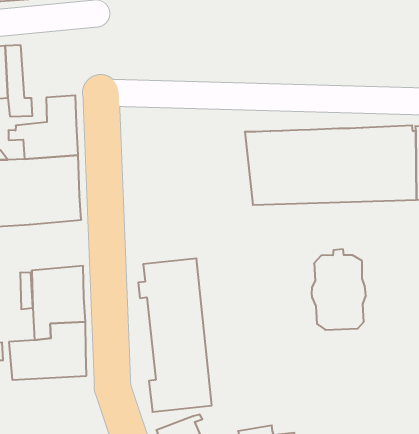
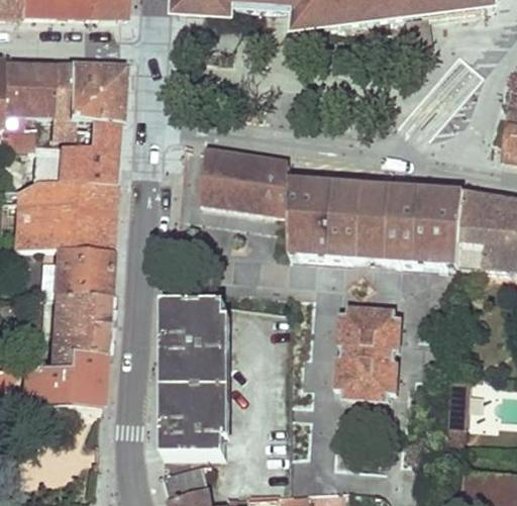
building: none -> [69,62,124,119]
building: none -> [201,146,291,262]
building: none -> [57,246,113,295]

